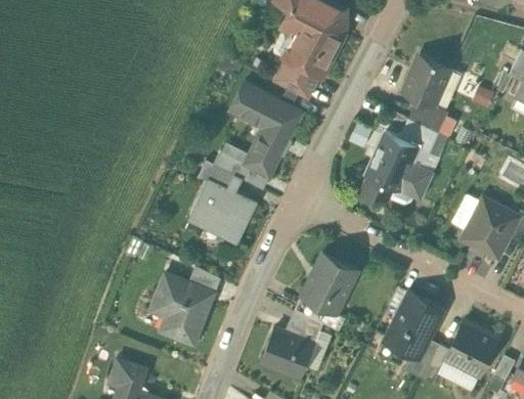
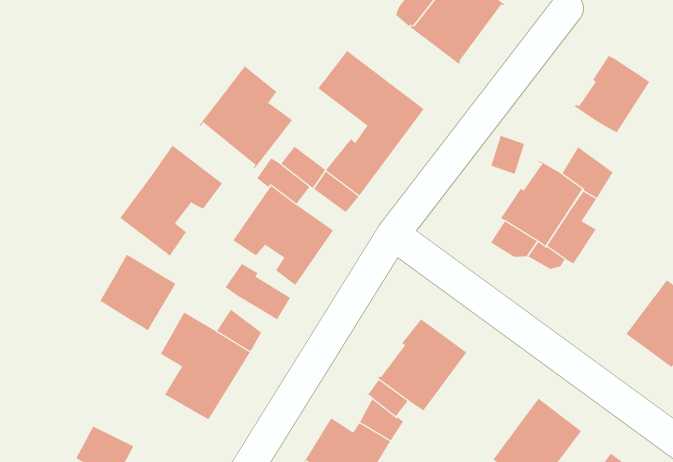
building: [272,58,320,100] -> none
building: [409,100,446,133] -> none
building: none -> [199,66,293,169]
building: none -> [120,145,223,256]
building: none -> [225,263,291,320]
building: none -> [99,254,176,331]

